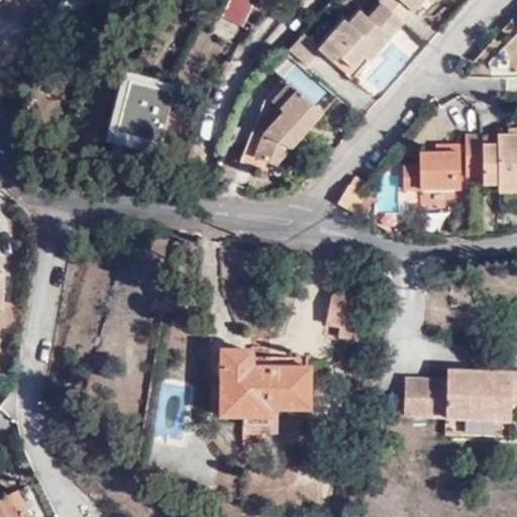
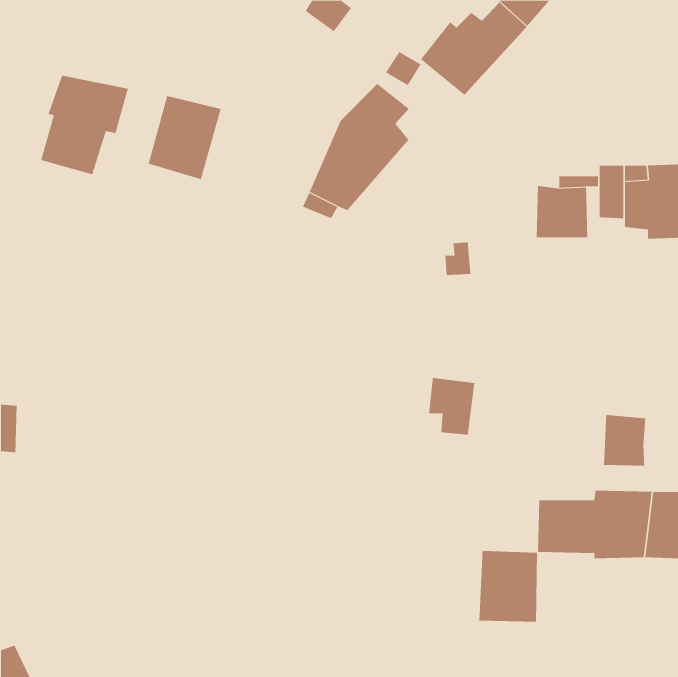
building: none -> [41,75,129,175]
building: none -> [603,414,646,466]
building: [218,348,311,422] -> none
building: none -> [479,550,537,623]

